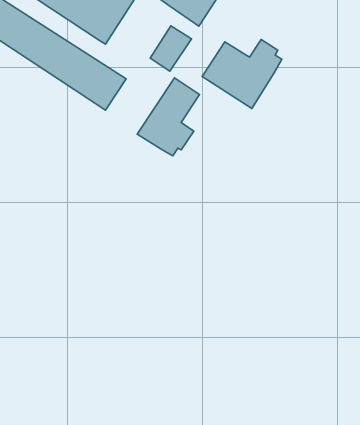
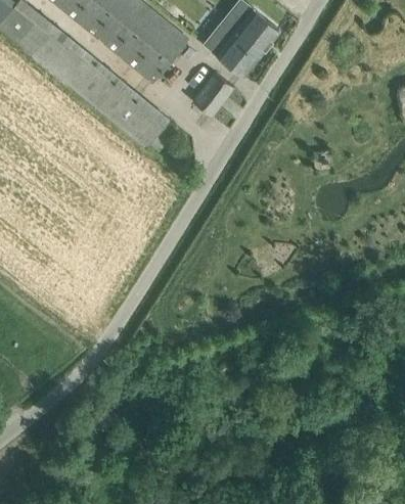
building: [202,40,282,109] -> none
building: [137,78,199,156] -> none

